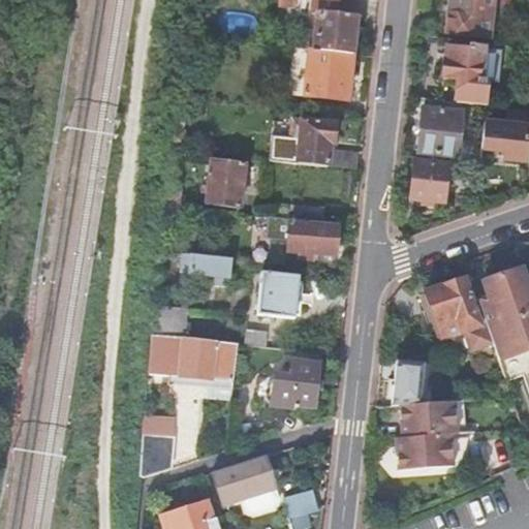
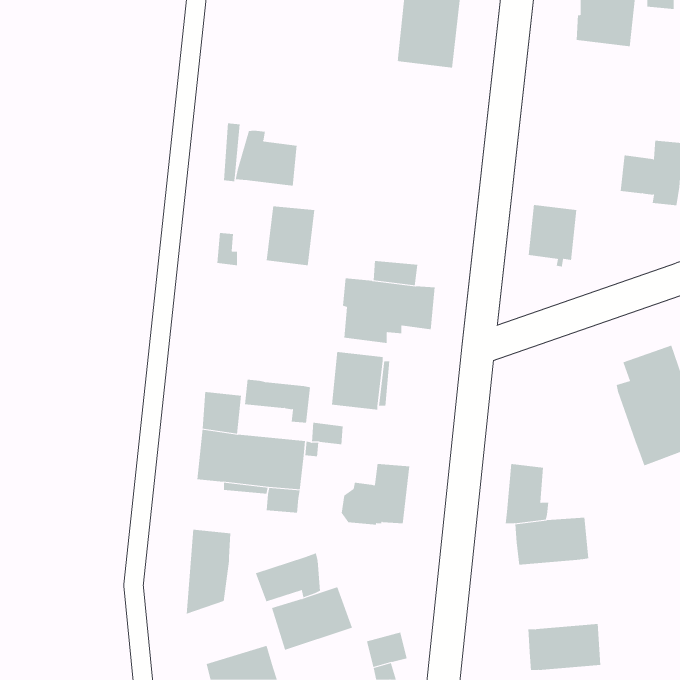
building: [443,44,489,104] -> none
building: [306,48,352,98] -> none
building: none -> [235,130,297,187]
building: [417,106,462,156] -> none
building: [289,117,337,164] -> none
building: [180,251,231,285] -> [244,379,311,423]
building: [419,276,493,349] -> none
building: none -> [255,552,320,602]
building: [397,433,454,469] -> [528,624,601,670]

